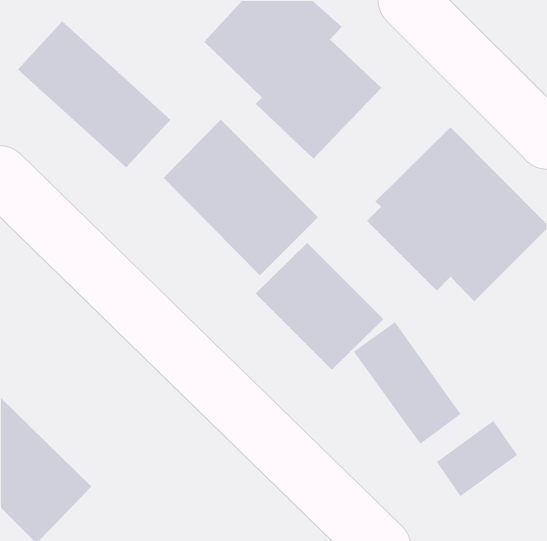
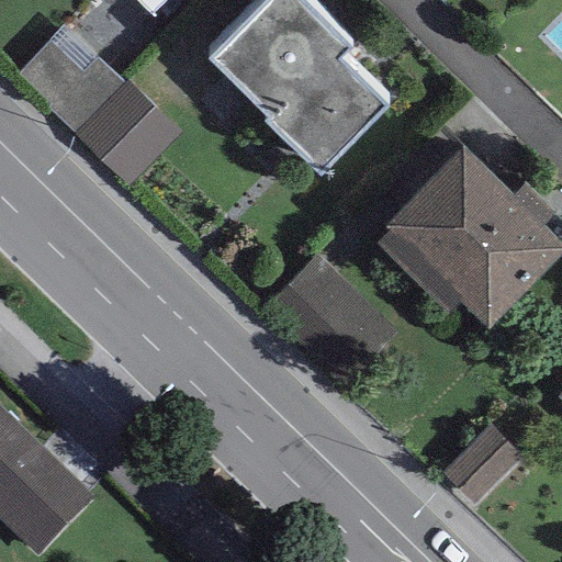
building: [163,119,319,276] -> none
building: [353,321,461,445] -> none

